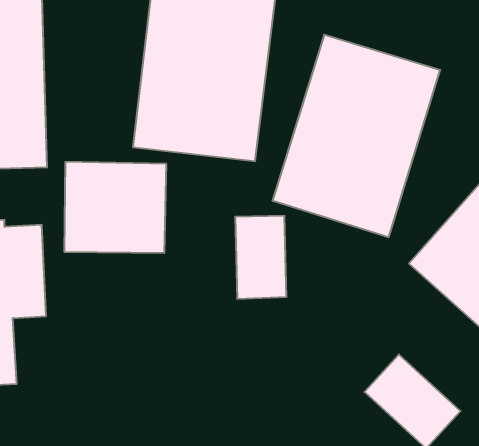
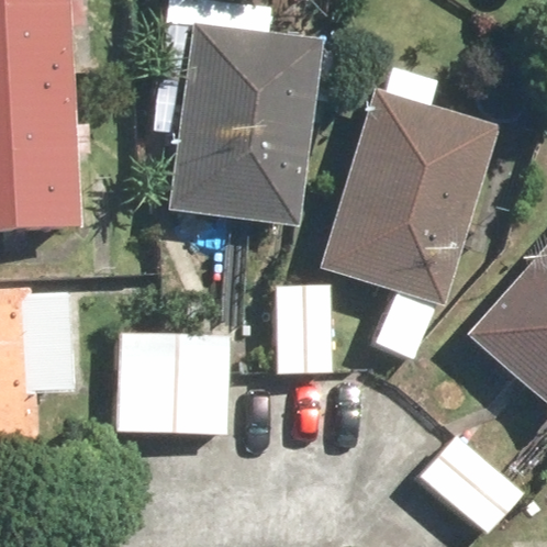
building: [64,162,166,253] -> [119,334,230,433]

